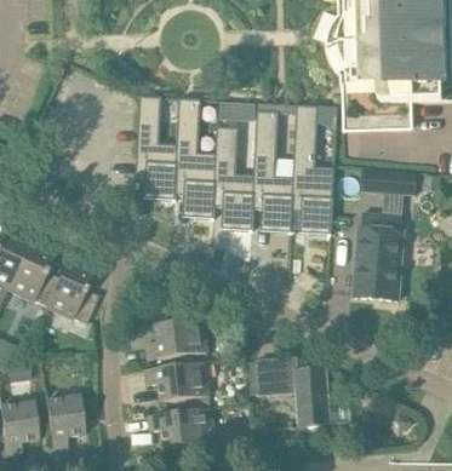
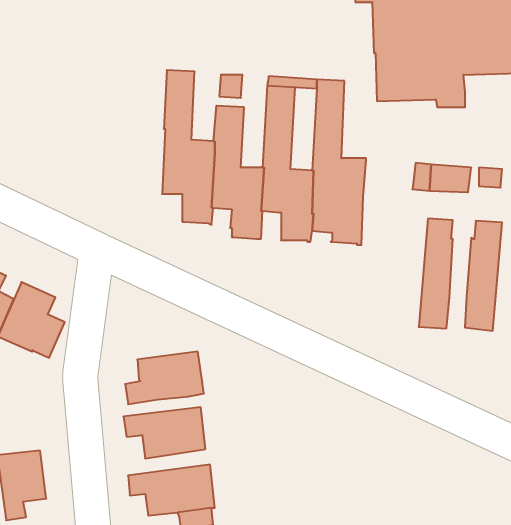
building: [136,93,177,197] -> none
building: [354,211,383,297] -> [465,221,502,331]
building: [256,356,351,425] -> none

